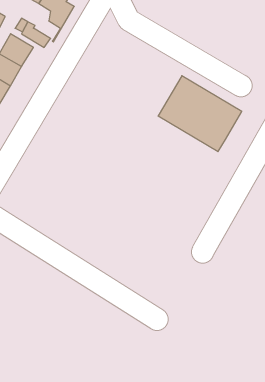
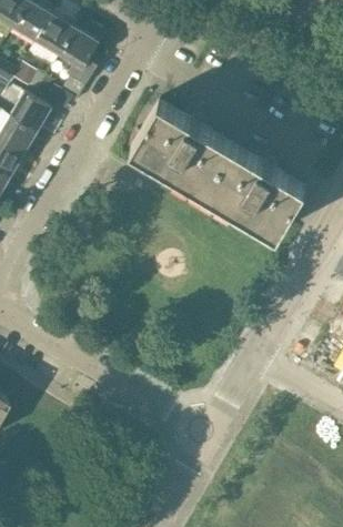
building: none -> [128,101,231,193]

